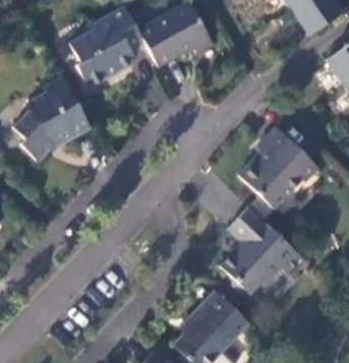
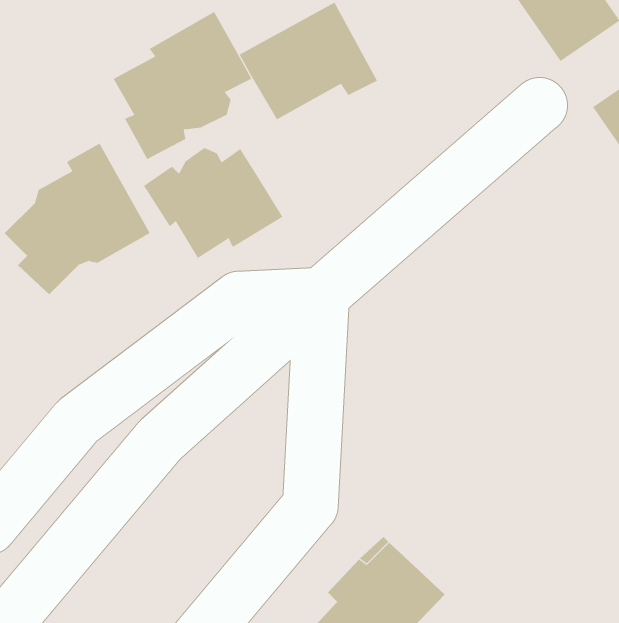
building: none -> [143,147,283,259]
building: [239,127,318,208] -> none
building: [221,206,302,298] -> none

